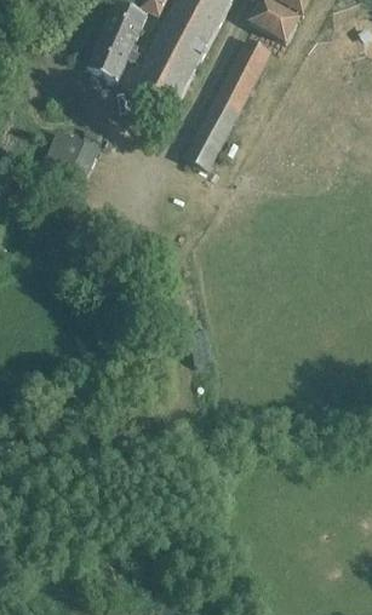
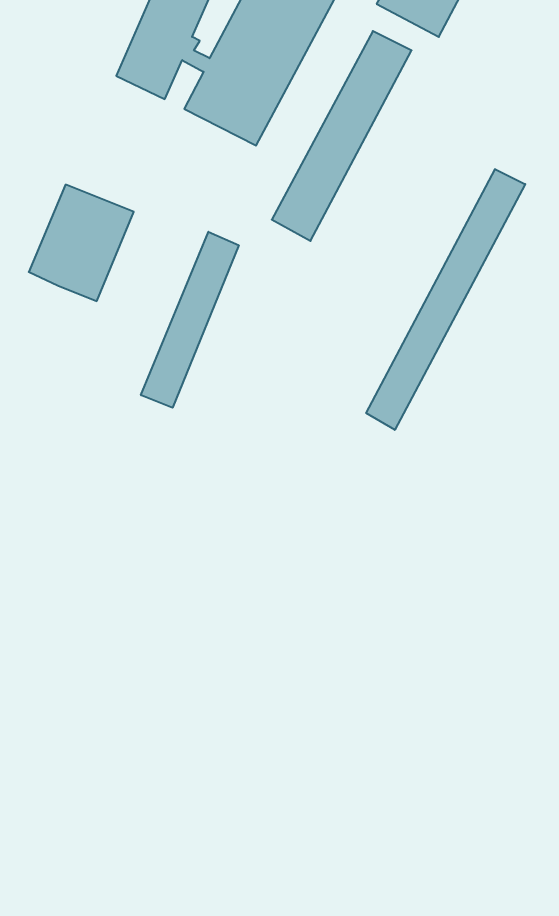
building: none -> [366,169,525,430]
building: none -> [141,232,239,408]

